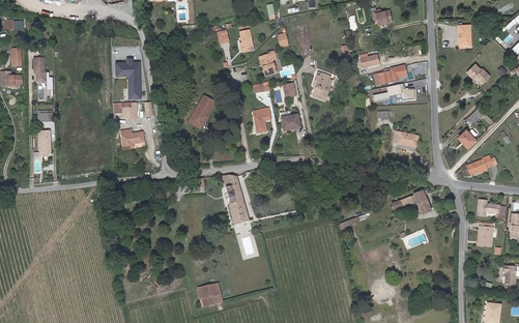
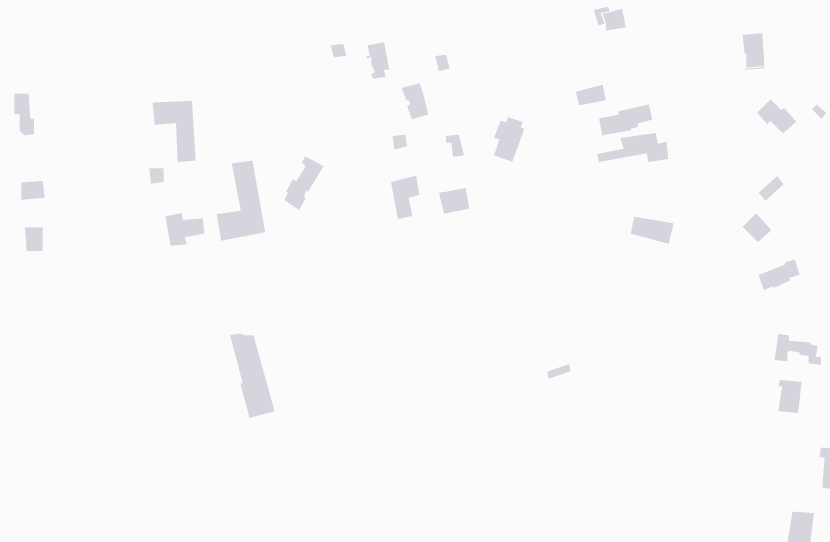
building: none -> [216,160,266,242]
building: [223,175,250,225] -> [229,333,276,418]
building: [392,190,430,213] -> none
building: [197,284,222,306] -> none

